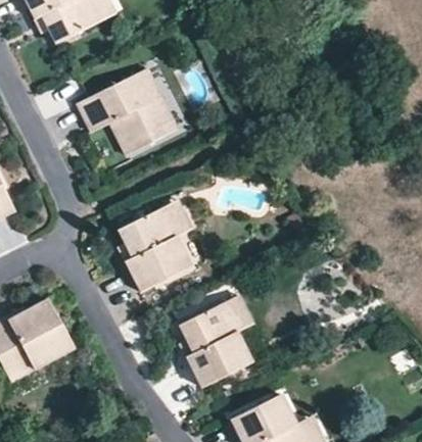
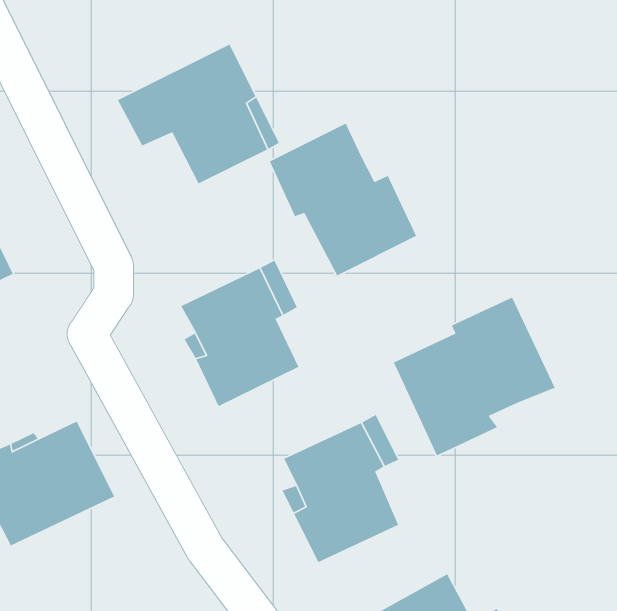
building: none -> [269,123,417,277]
building: none -> [393,296,556,456]

